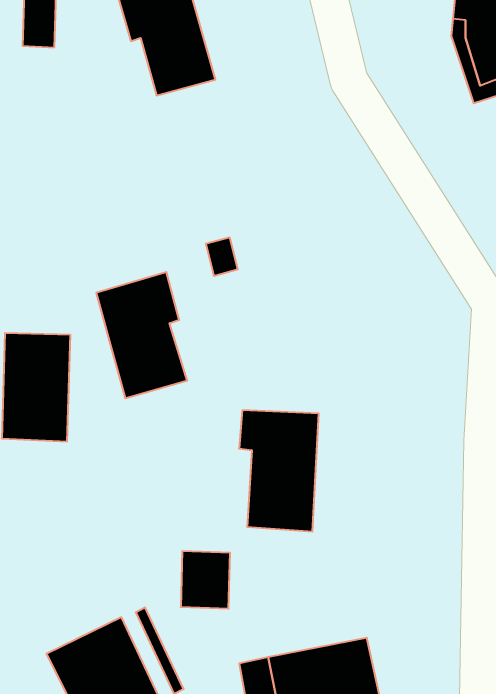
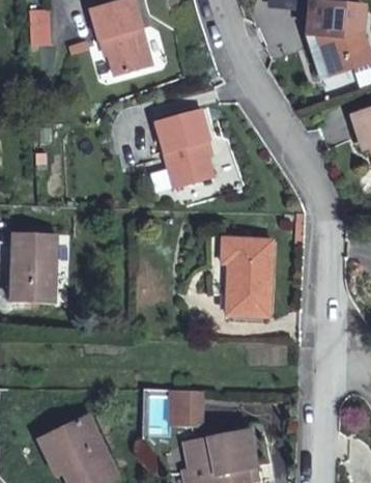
building: [96,272,187,398] -> [154,108,213,190]
building: [239,410,319,532] -> [222,235,274,314]
building: [181,551,230,609] -> [171,391,203,428]

